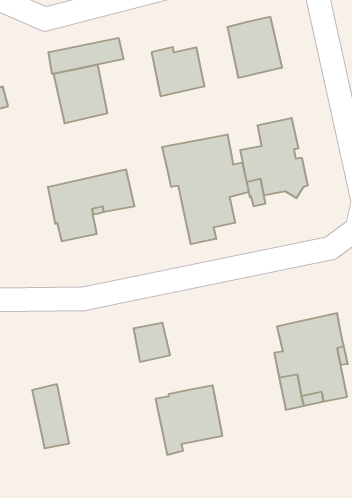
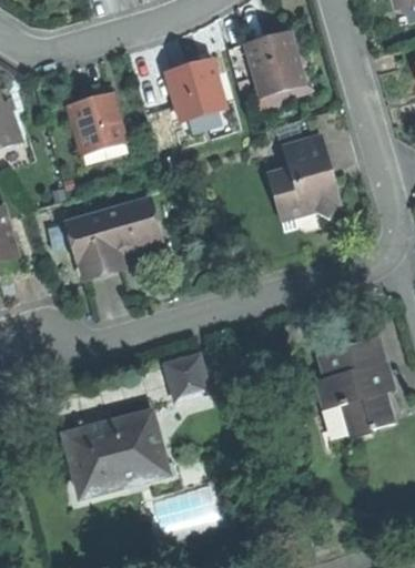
building: [48,38,123,74] -> none
building: [162,134,249,244] -> none
building: [156,385,222,455] -> [91,413,163,488]

